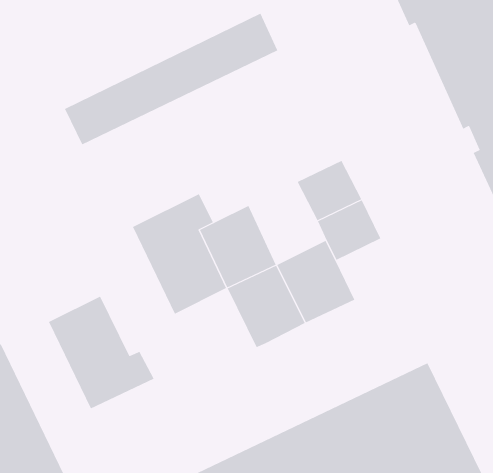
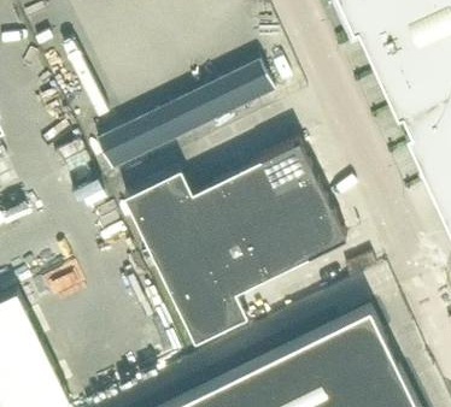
building: [64,13,278,145] -> [96,61,274,171]
building: none -> [221,160,285,229]
building: none -> [293,207,346,258]
building: [48,296,154,409] -> [159,248,247,342]

